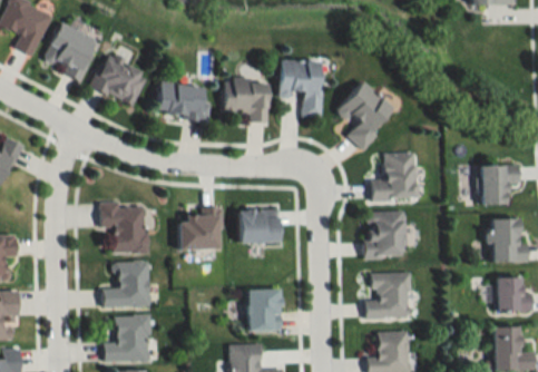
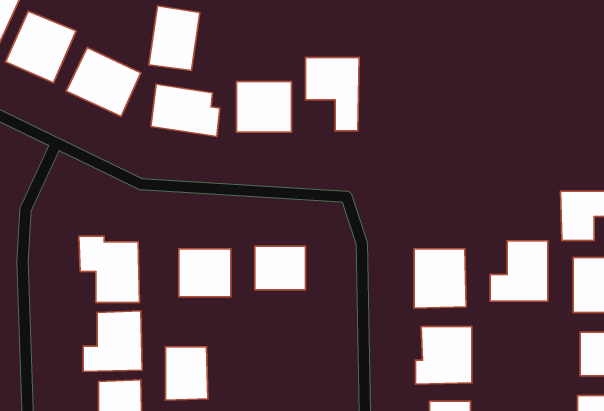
building: none -> [149,6,200,70]
building: [338,81,393,150] -> none
building: [371,153,417,200] -> [490,241,548,301]
building: [248,290,282,332] -> [166,347,208,400]

